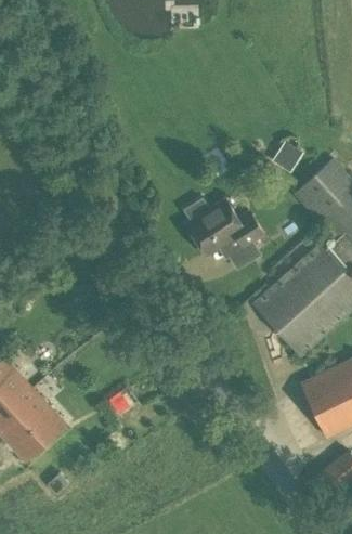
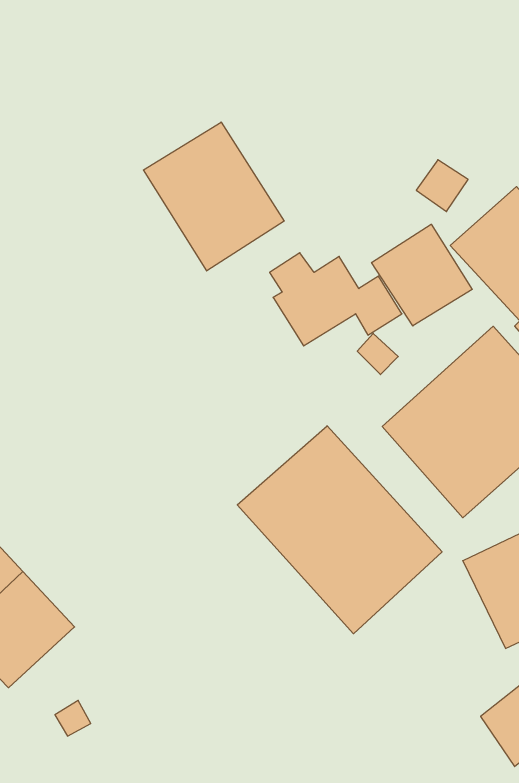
building: none -> [143,122,284,271]
building: none -> [372,224,472,326]
building: none -> [237,426,442,634]

